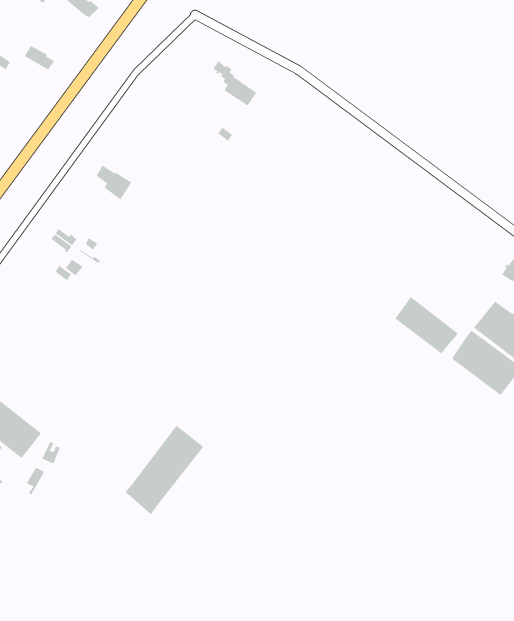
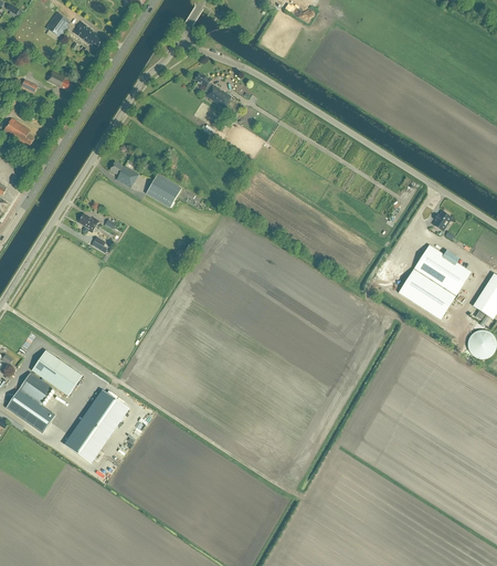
building: none -> [146,174,181,207]
building: [394,296,458,354] -> none
building: [125,425,204,515] -> [67,390,127,462]

